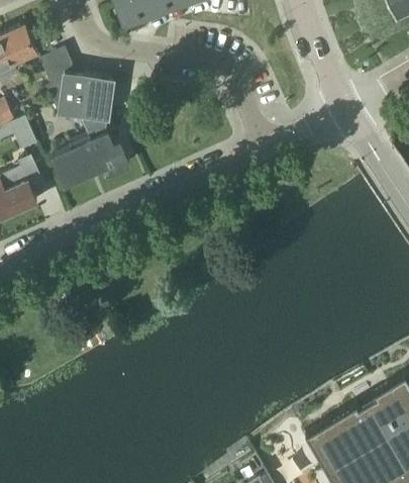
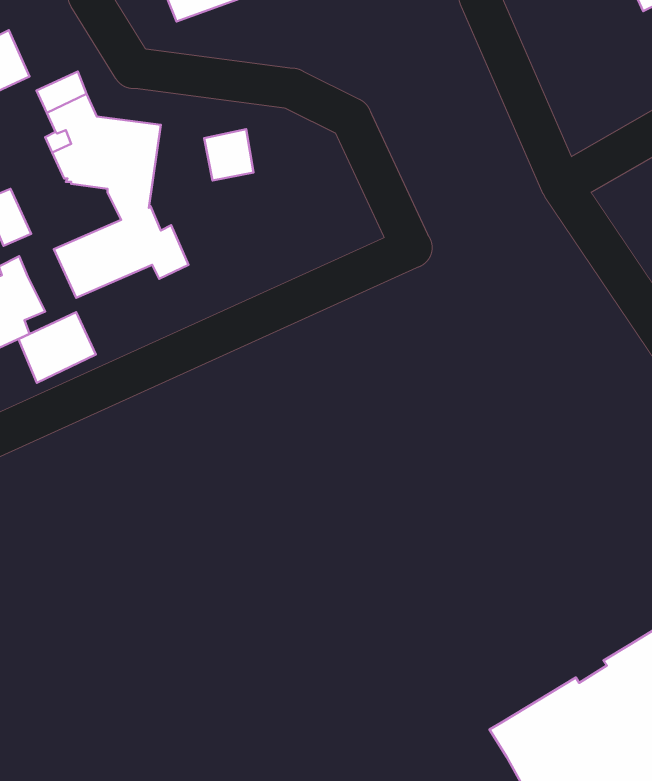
building: none -> [204,129,253,180]
building: none -> [19,312,96,383]

